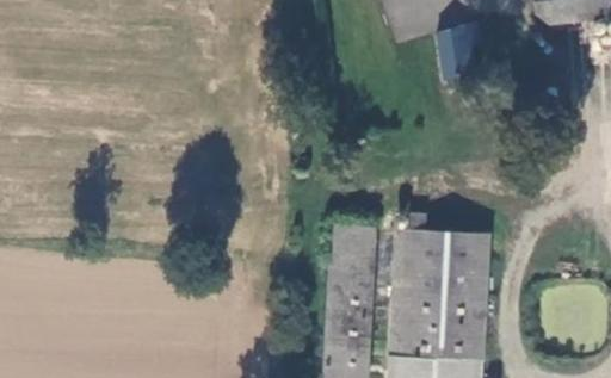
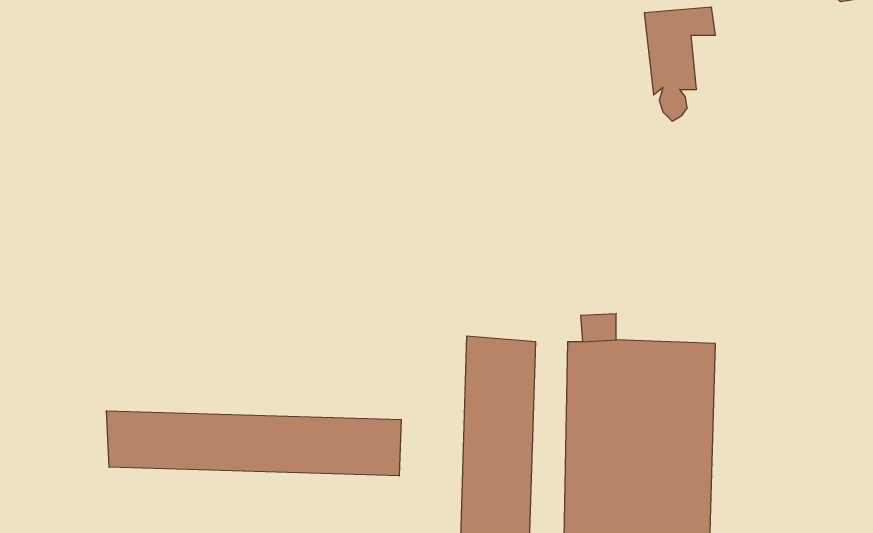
building: none -> [107,411,401,476]

